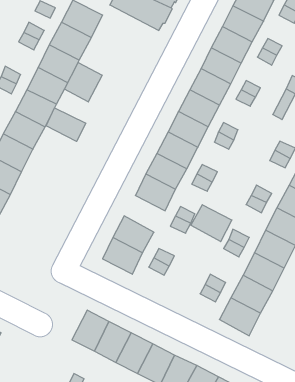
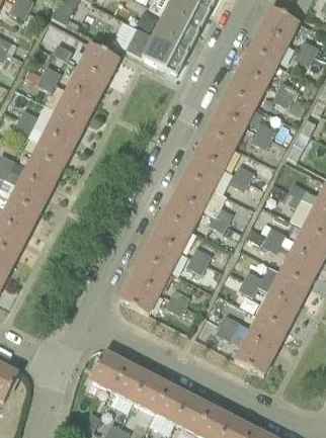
building: [64,62,102,102] -> none
building: [46,108,86,141] -> none
building: [191,205,232,242] -> [141,236,181,272]

